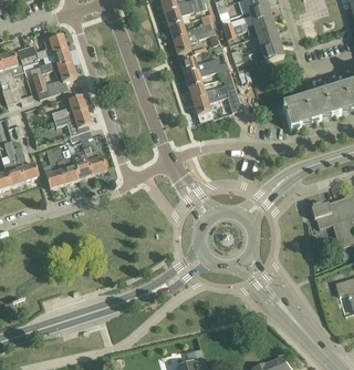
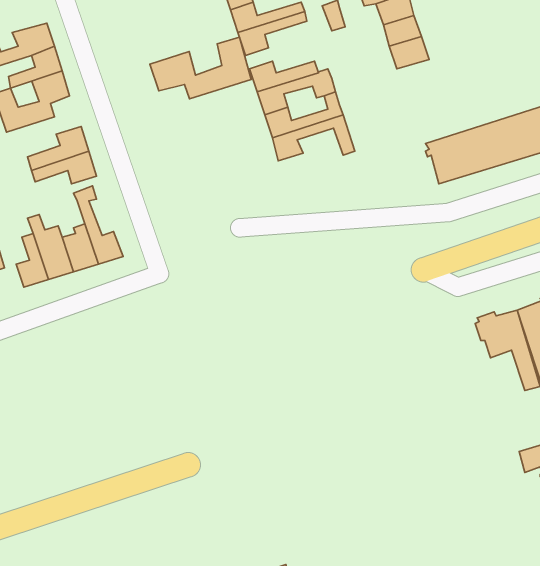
building: none -> [150,37,251,99]

